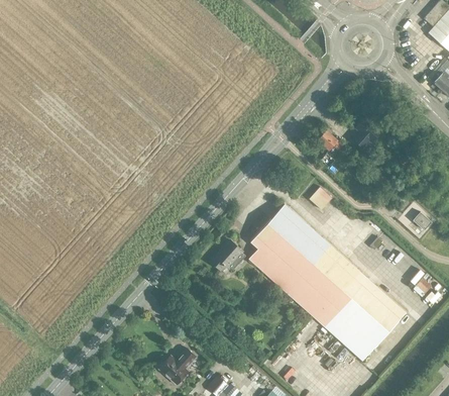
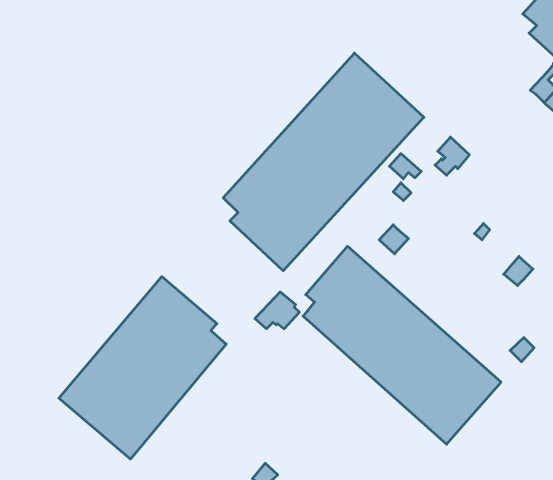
building: none -> [223,53,424,271]
building: none -> [59,277,226,459]
building: [158,348,196,384] -> none

